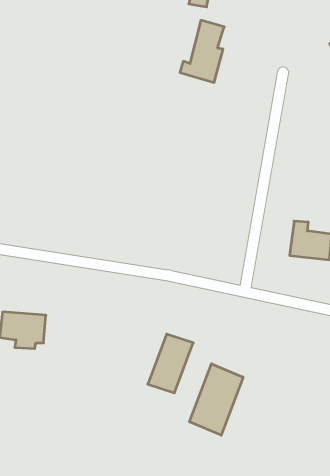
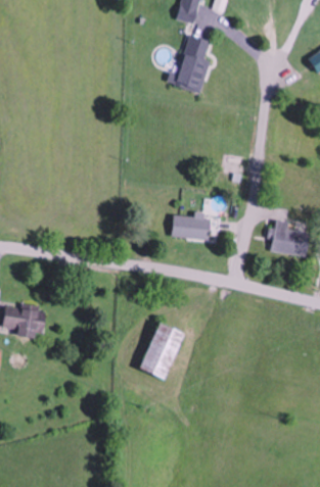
building: none -> [172,214,211,240]
building: [190,364,243,435] -> none

